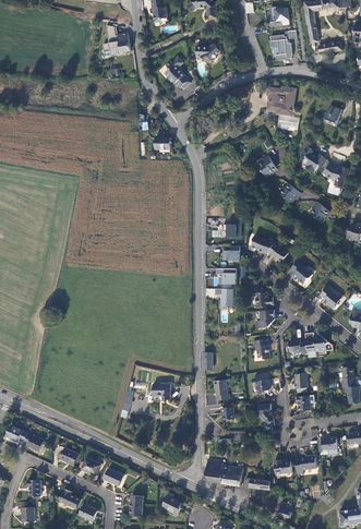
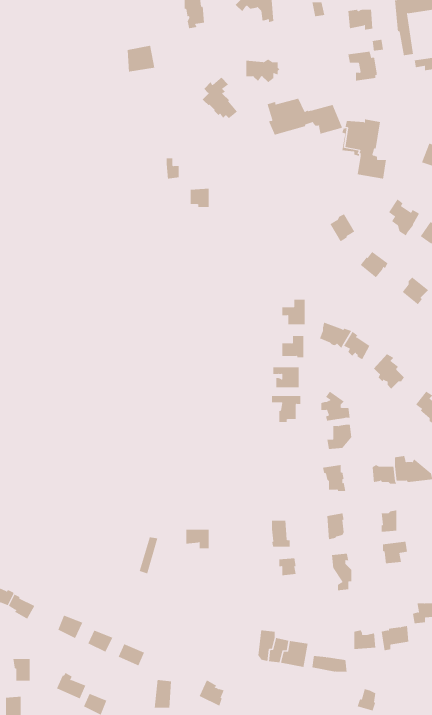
building: none -> [267,98,343,135]

